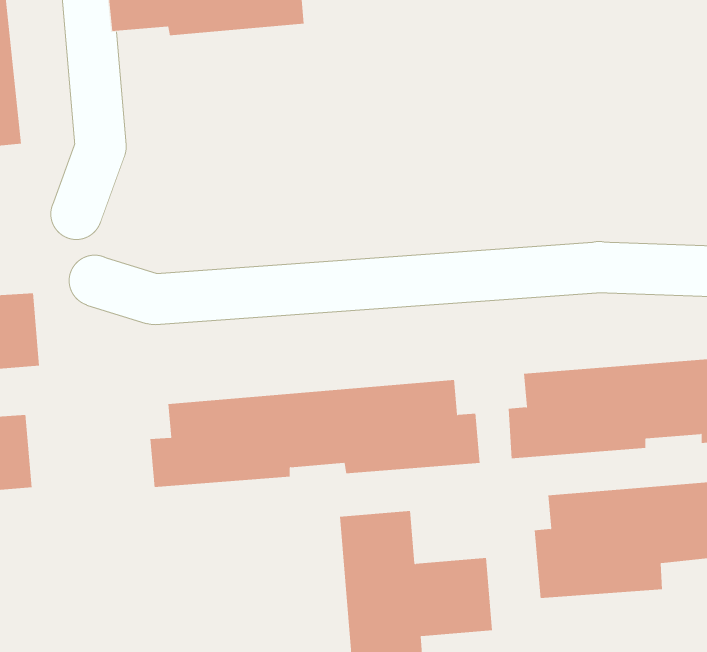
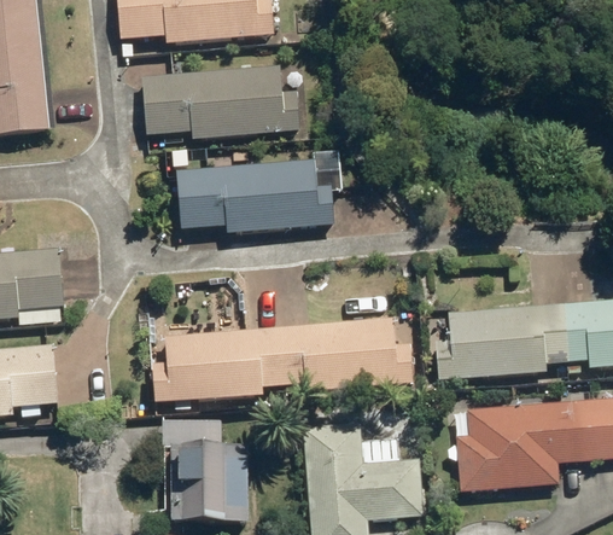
building: none -> [142,64,299,138]
building: none -> [176,159,334,232]
building: none -> [162,417,249,521]

